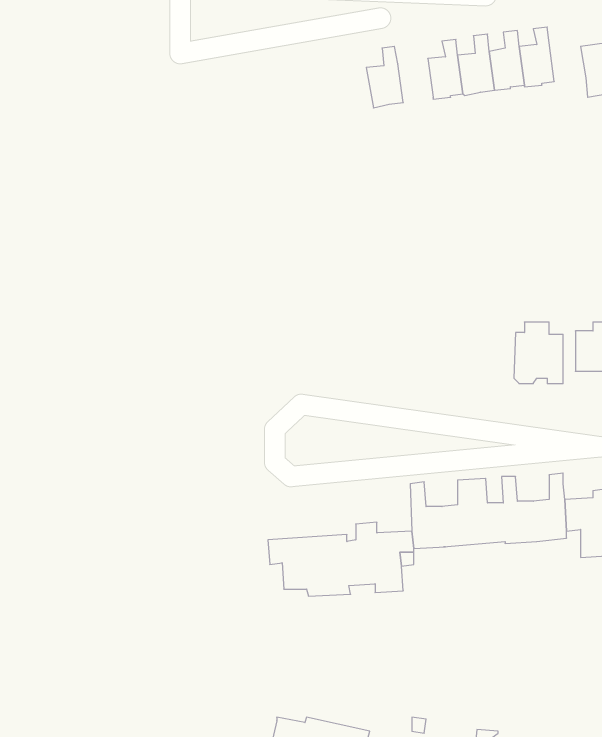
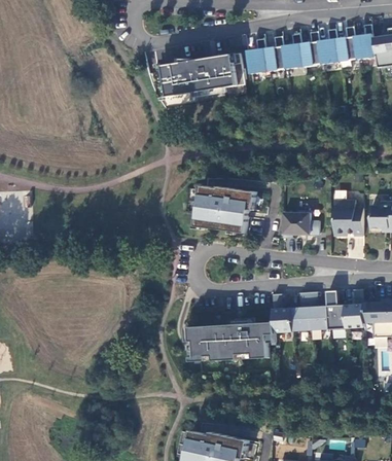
building: none -> [354,23,376,59]
building: none -> [265,35,286,70]
building: none -> [156,51,245,97]
building: none -> [197,184,256,233]
building: none -> [282,209,318,237]

